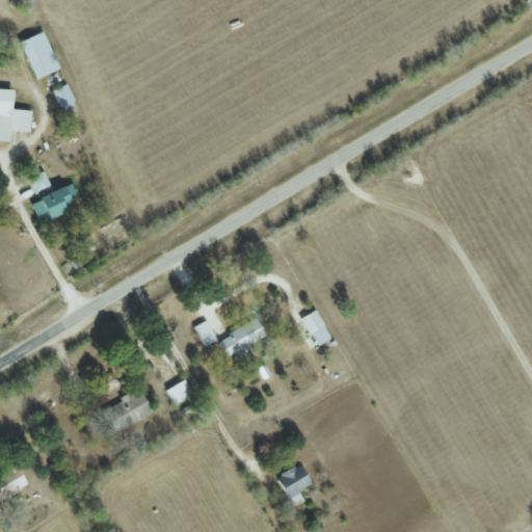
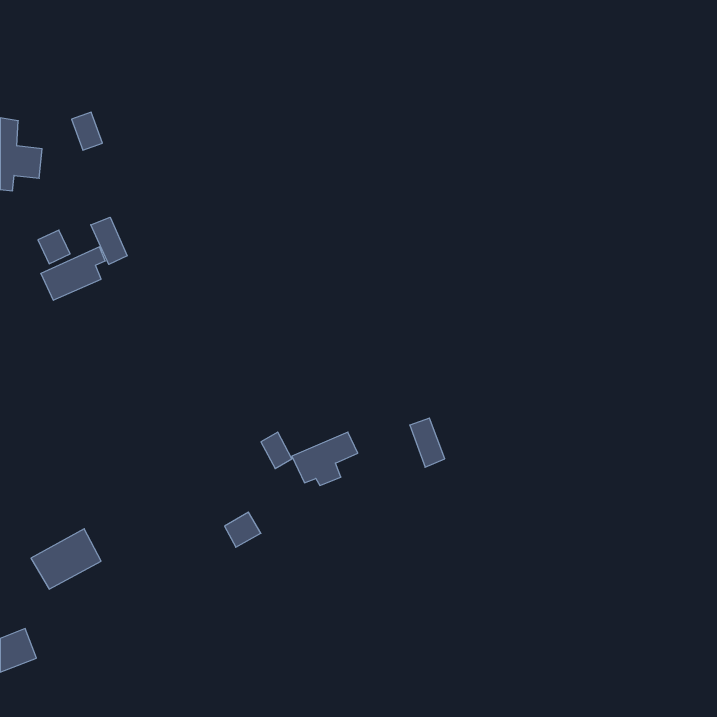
building: [19,31,59,78] -> none
building: none -> [91,217,127,264]
building: [101,389,153,433] -> [31,529,101,589]
building: [276,463,312,503] -> none

